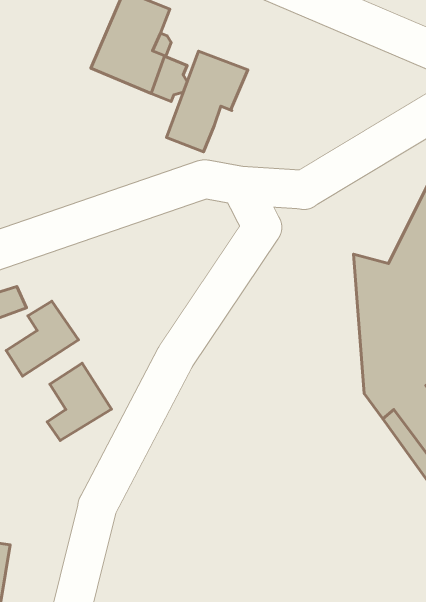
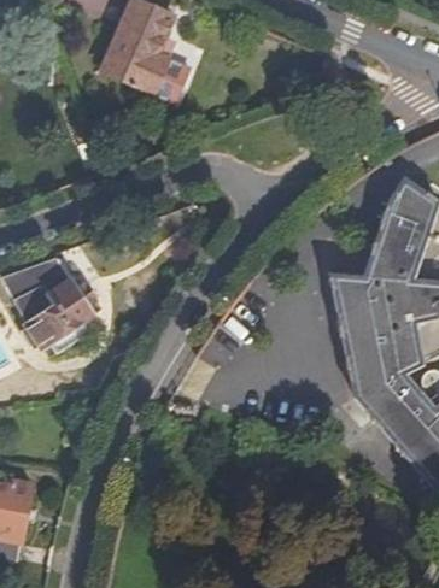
building: [167,51,248,152] -> none
building: [47,363,112,441] -> none

